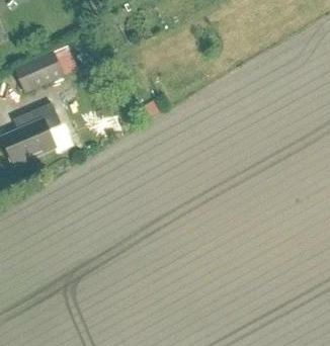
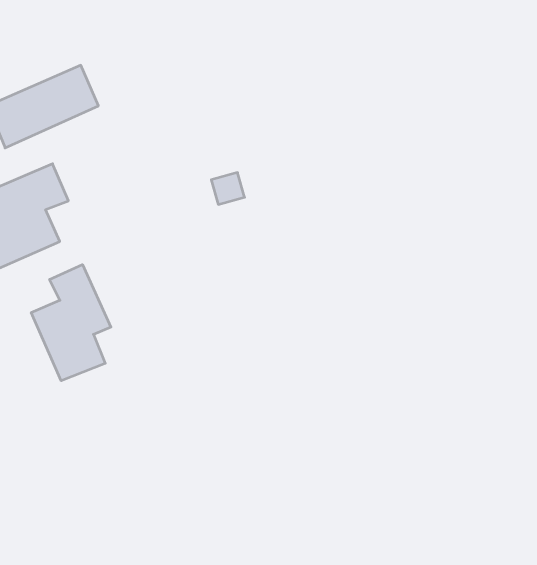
building: none -> [31,265,111,381]

